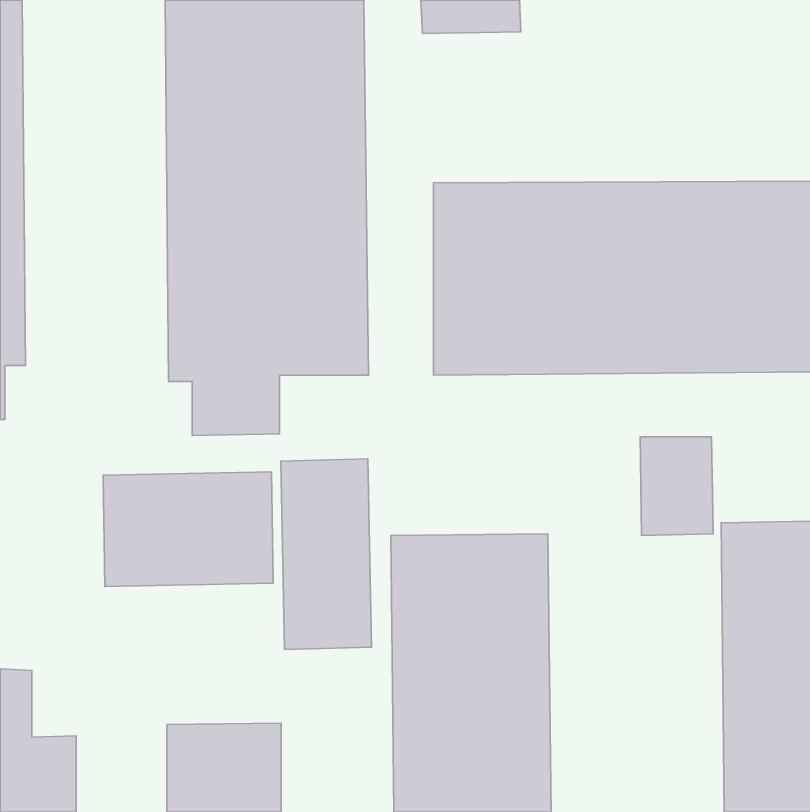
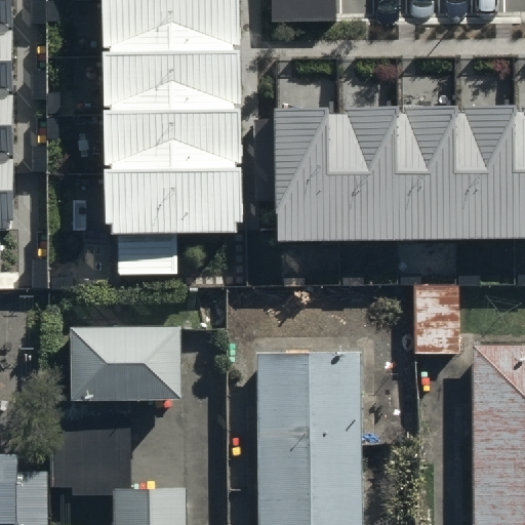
building: [281,459,372,649] -> none

